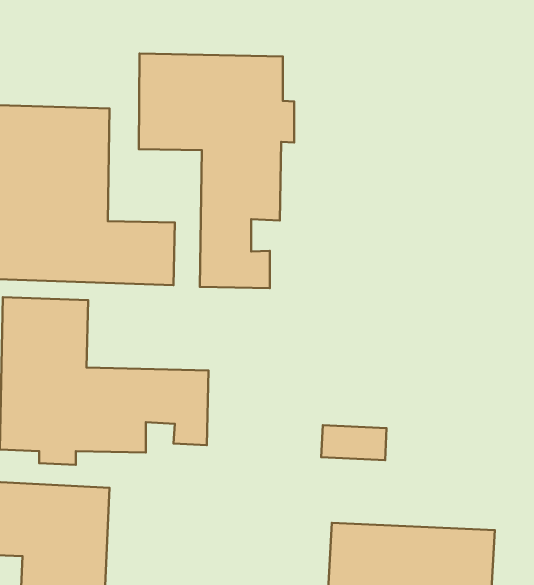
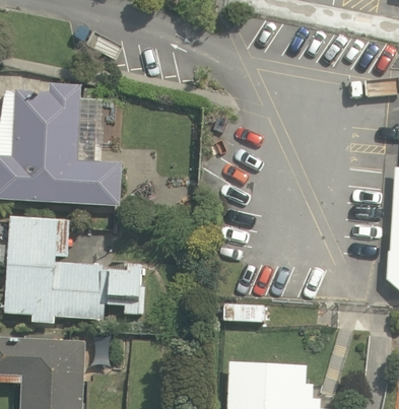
building: [139,53,294,288] -> none

